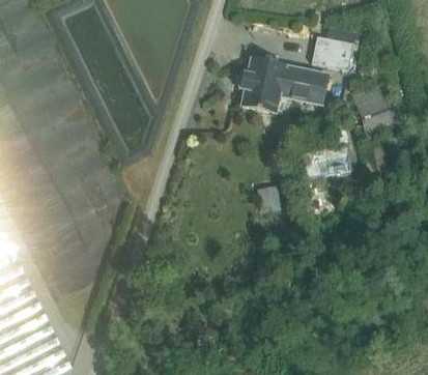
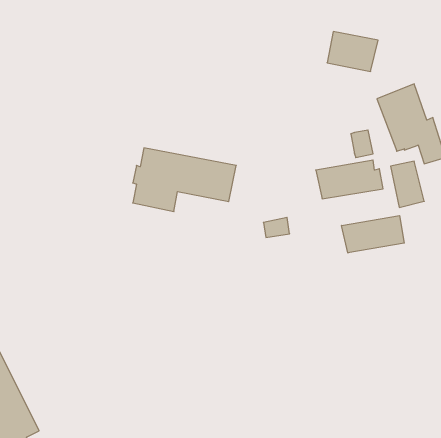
building: [241,58,327,111] -> [133,148,236,212]
building: none -> [342,216,404,253]

